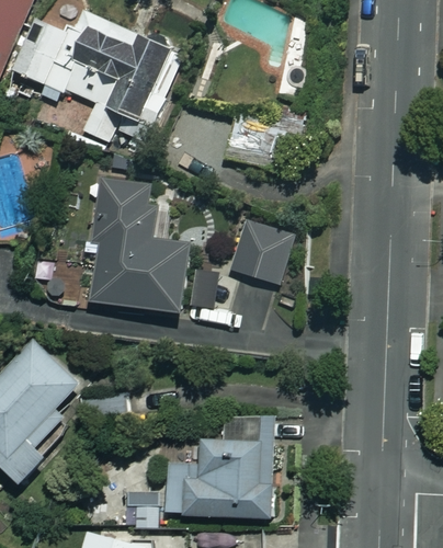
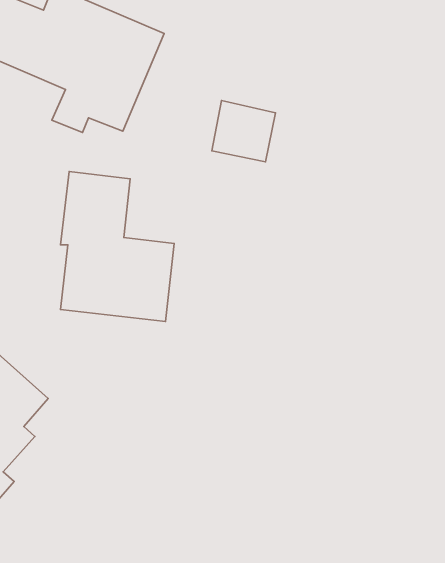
building: [228,220,292,284] -> none
building: [166,418,272,515] -> none

